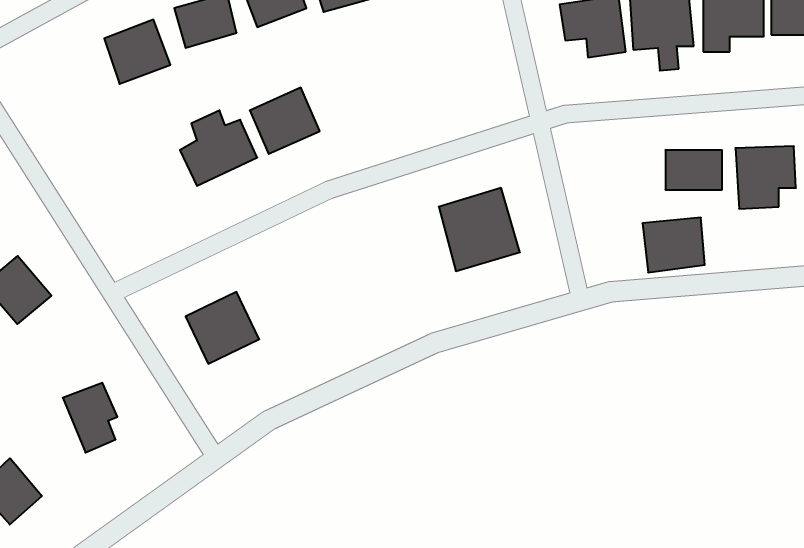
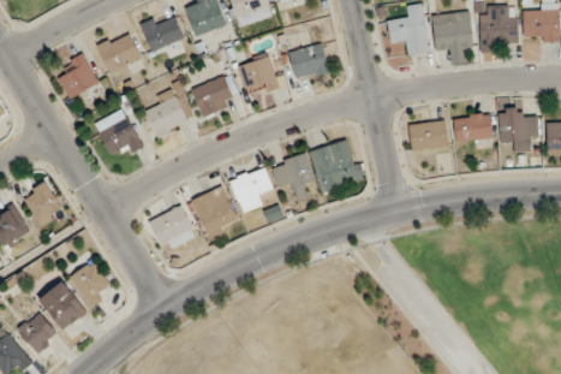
building: none -> [288,43,329,81]
building: none -> [59,54,99,99]
building: none -> [239,54,284,94]
building: none -> [100,118,141,154]
building: none -> [270,153,315,200]
building: [642,218,705,272] -> [408,120,448,155]
building: none -> [231,167,273,212]
building: none -> [192,185,238,241]
building: none -> [40,280,86,330]

